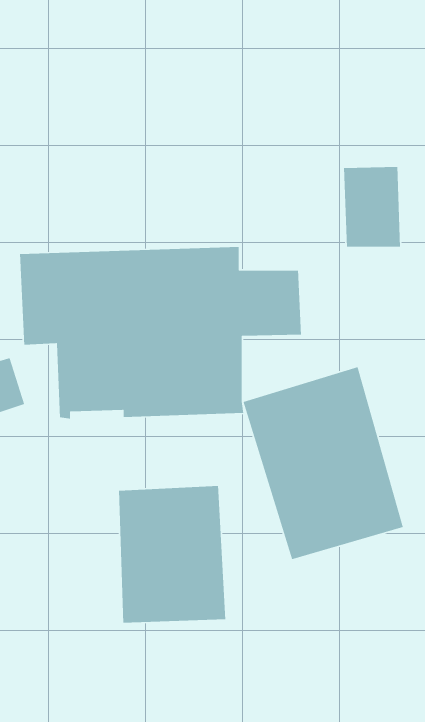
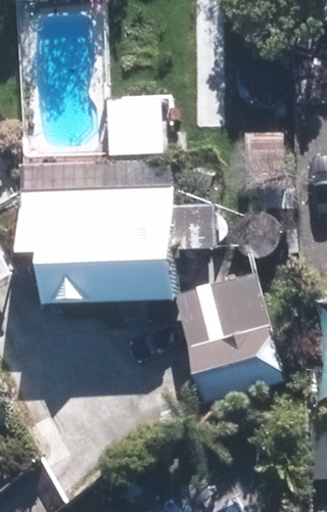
building: [118,485,226,623] -> none

